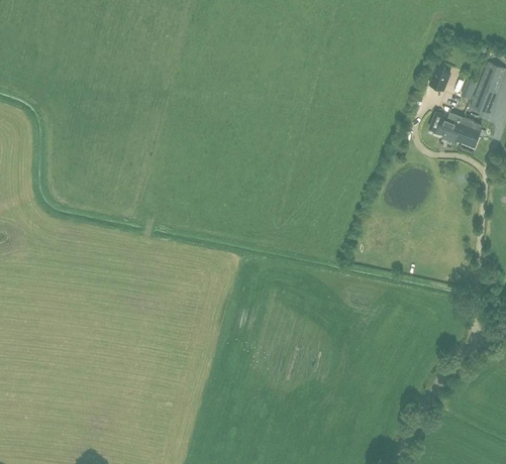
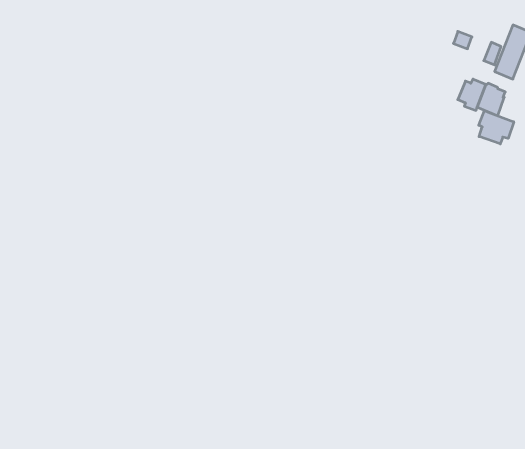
building: none -> [479,111,514,144]

